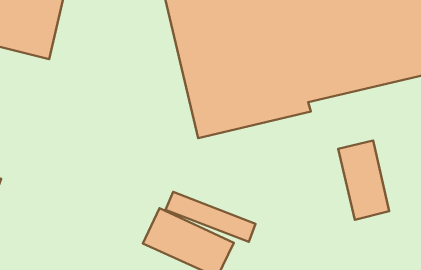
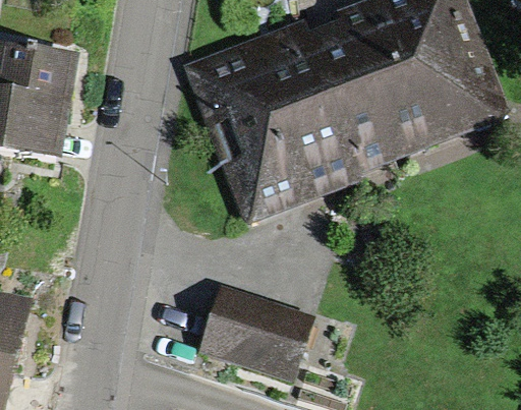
building: [338,140,389,220] -> none

